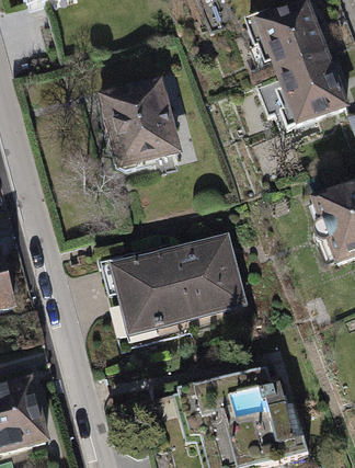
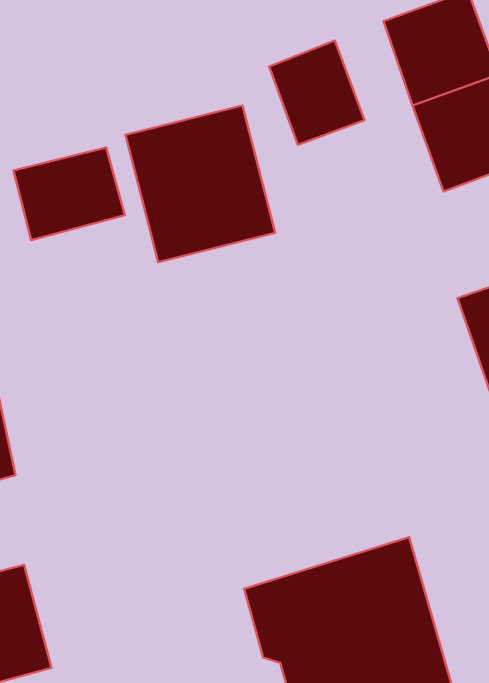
building: none -> [269,41,364,145]
building: none -> [13,147,125,240]
building: [110,230,249,339] -> none

